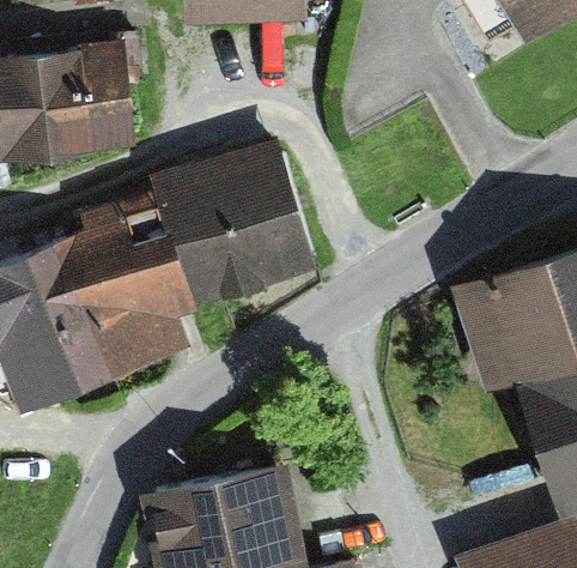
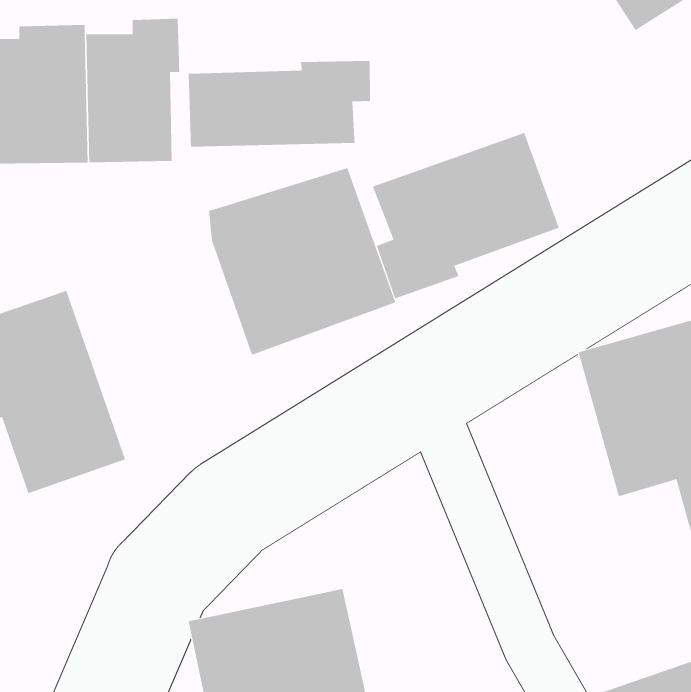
building: none -> [188,60,371,148]
building: none -> [372,132,559,299]
building: [59,206,201,375] -> none

